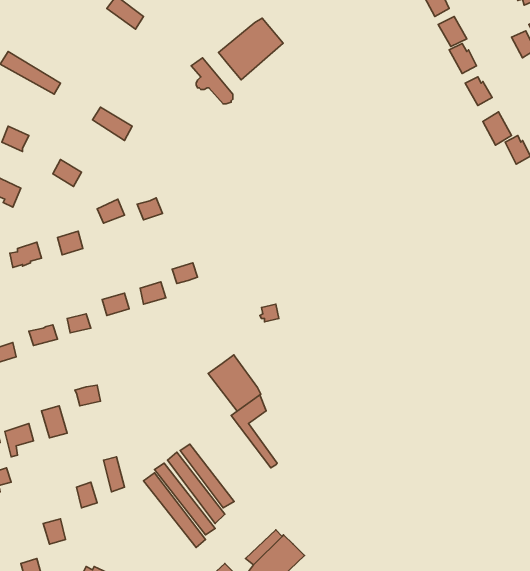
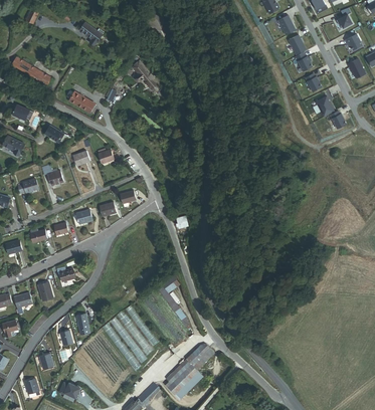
building: [219,18,283,80] -> none
building: [208,355,261,411] -> none
building: none -> [185,343,214,369]

